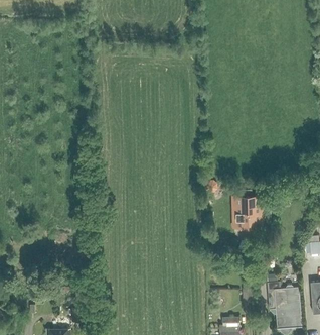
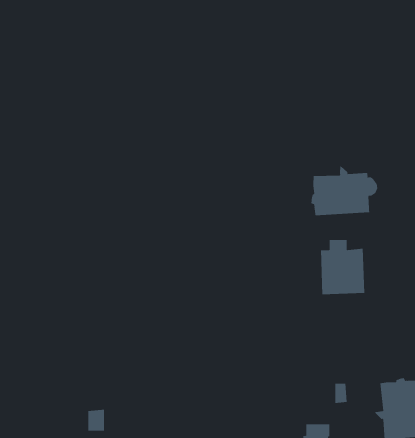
building: none -> [311,165,378,216]

